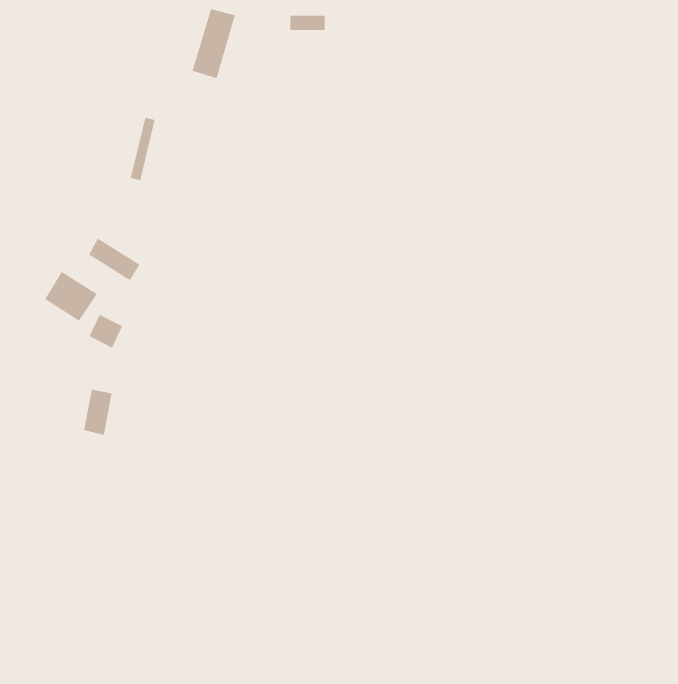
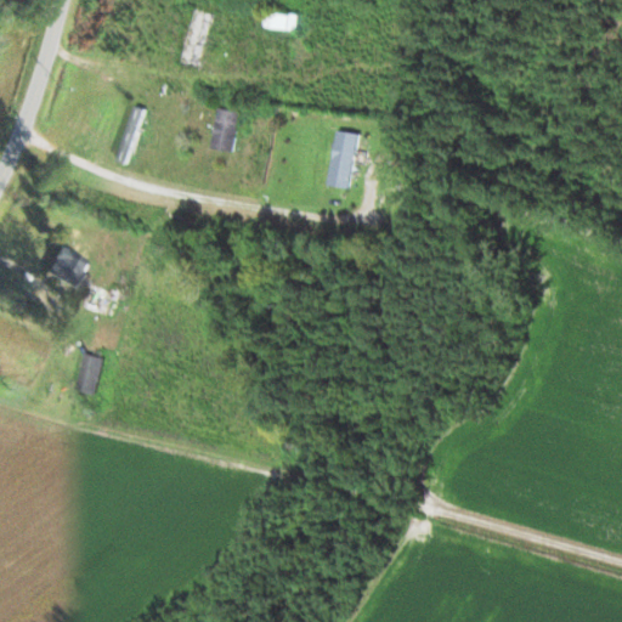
building: none -> [210,108,239,151]
building: none -> [328,129,357,188]
building: [88,237,141,281] -> none

